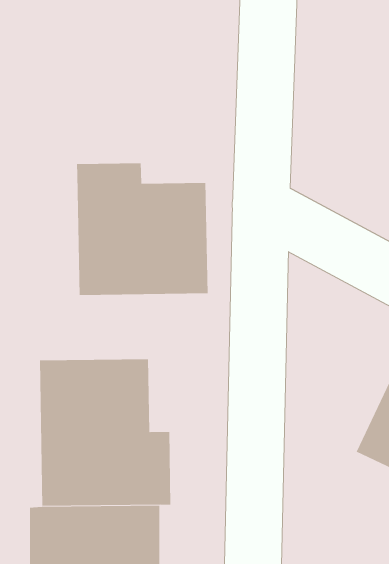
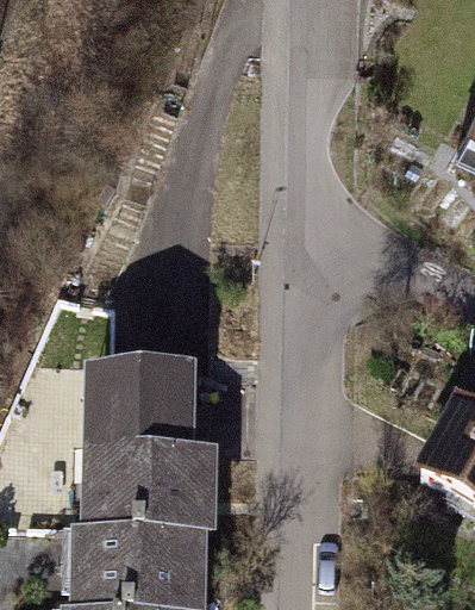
building: [76,163,208,296] -> none

